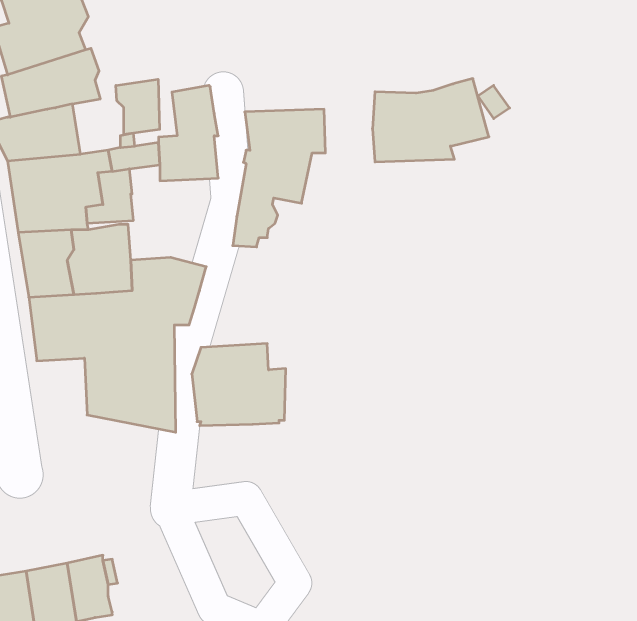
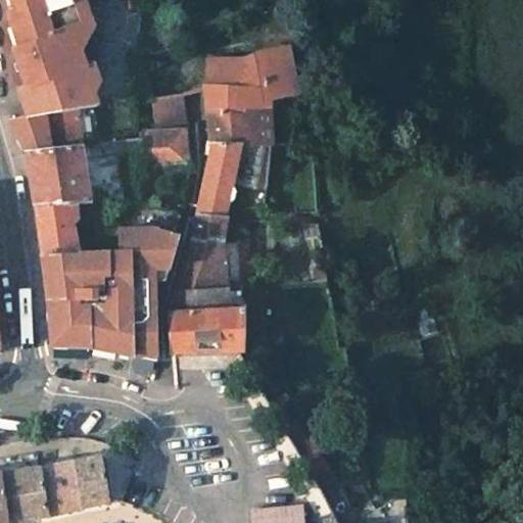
building: [372,79,489,162] -> [206,49,296,113]
building: [116,79,160,134] -> none
building: none -> [175,217,226,295]
building: none -> [48,303,87,347]

